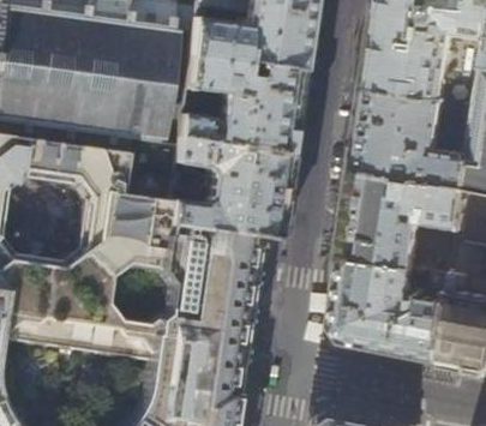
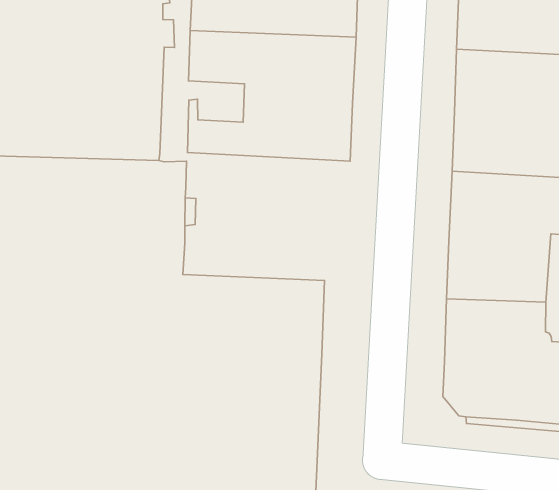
building: [166,136,289,236] -> none

